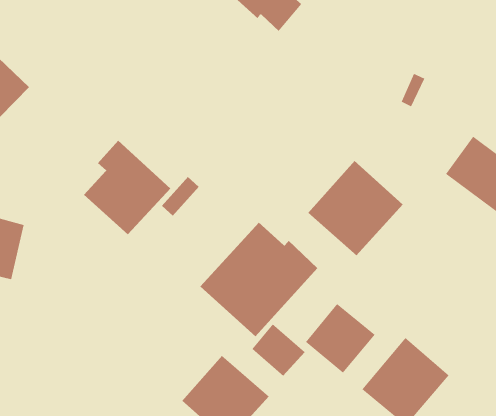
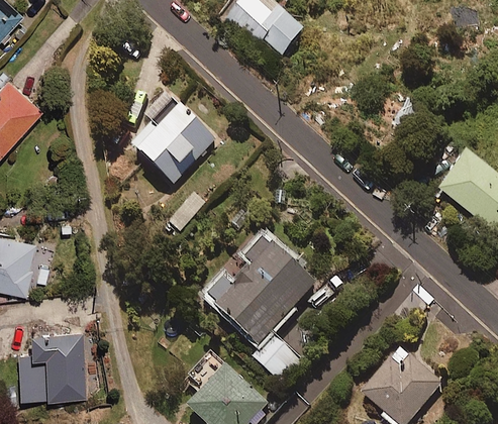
building: [83,140,171,235] -> [129,93,213,184]
building: [308,160,403,256] -> none
building: [305,303,375,374] -> none
building: none -> [20,328,87,397]

